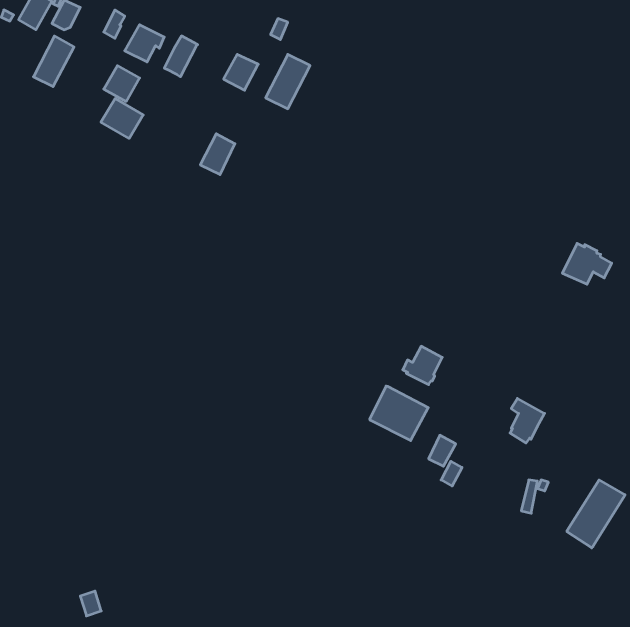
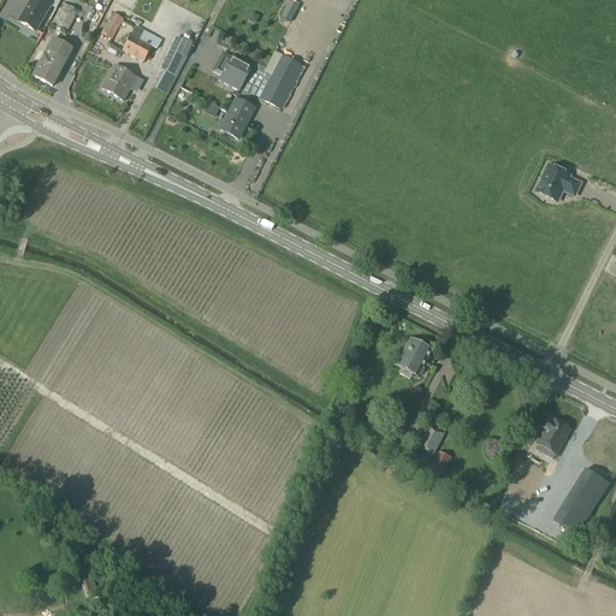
building: [101,99,143,138] -> none
building: [200,134,235,175] -> [220,96,254,136]
building: [562,243,612,284] -> [535,161,584,201]
building: [370,386,428,441] -> none
building: [510,398,545,443] -> [537,413,570,456]

